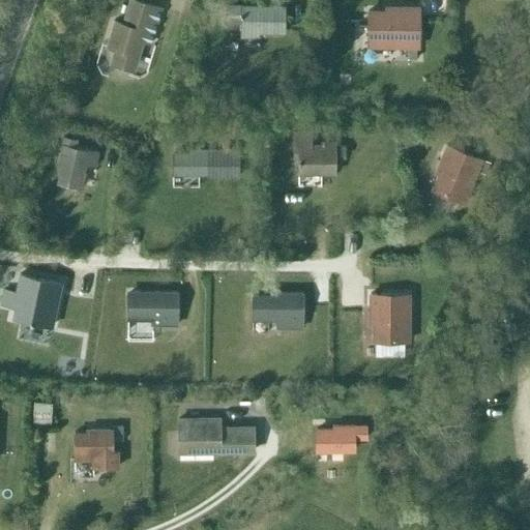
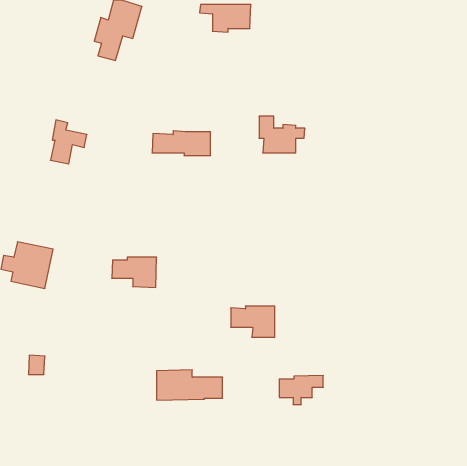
building: [366,8,418,48] -> none
building: [433,146,482,205] -> none
building: [253,294,302,329] -> [231,306,275,337]
building: [371,295,409,343] -> none
building: [75,426,123,469] -> none

